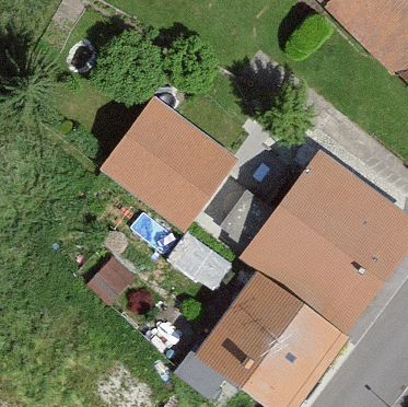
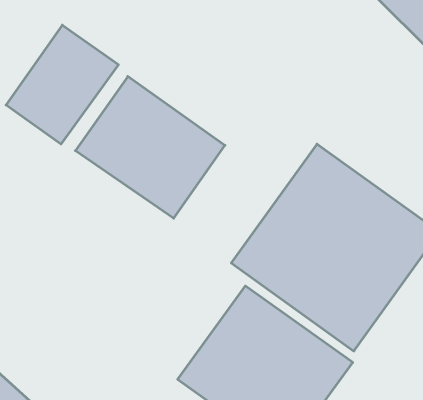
building: none -> [6,25,118,144]

